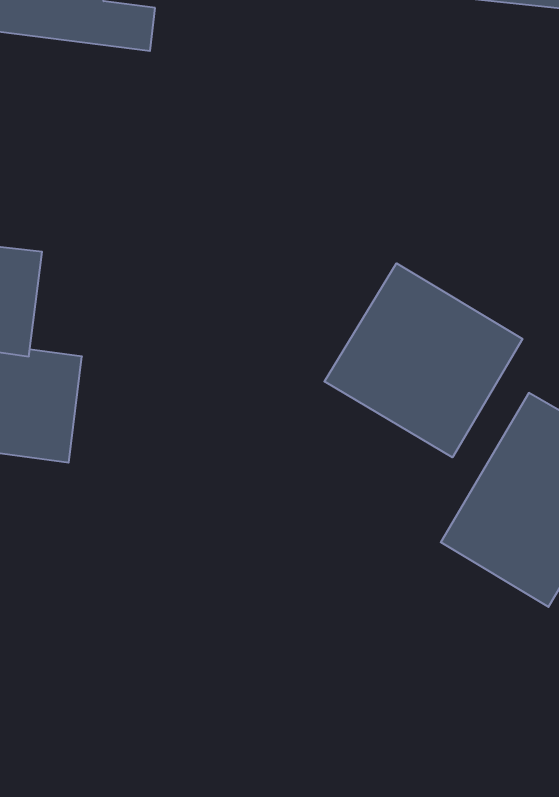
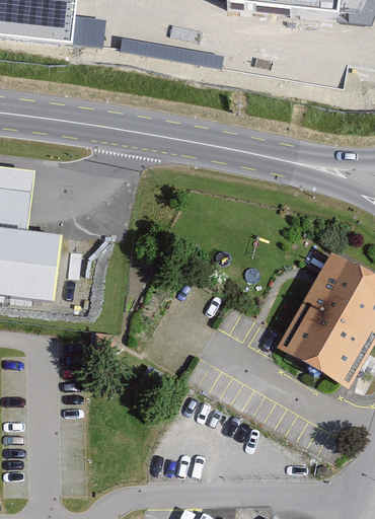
building: [324,263,522,457] -> none

